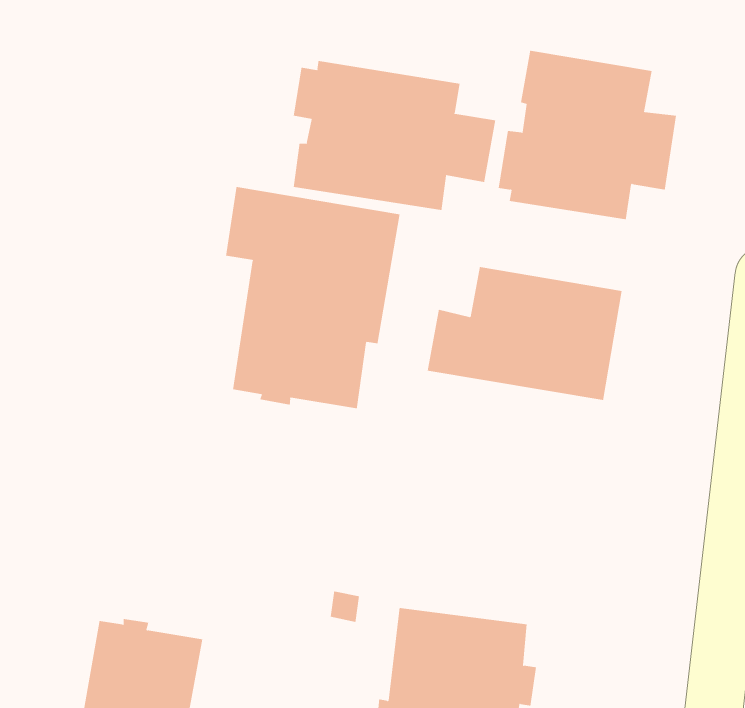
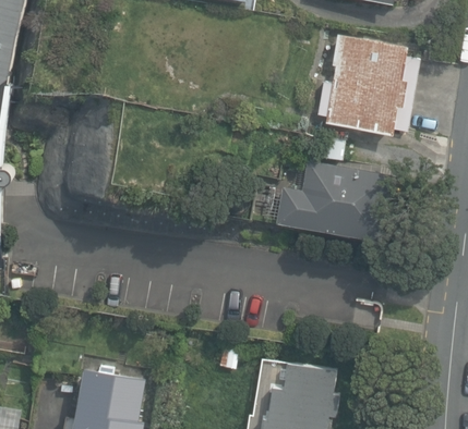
building: [293,60,496,211] -> none
building: [226,186,400,409] -> none

